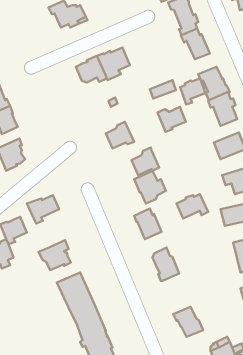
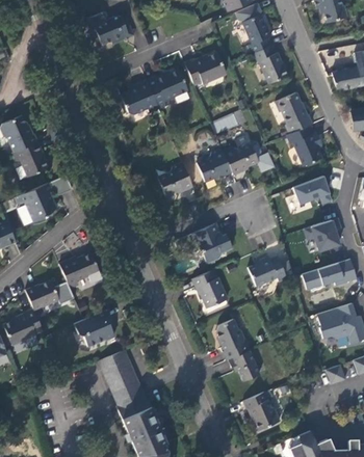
building: none -> [185,53,227,86]
building: [180,79,205,105] -> none
building: [132,148,159,175] -> [198,147,232,182]
building: none -> [229,351,260,381]

